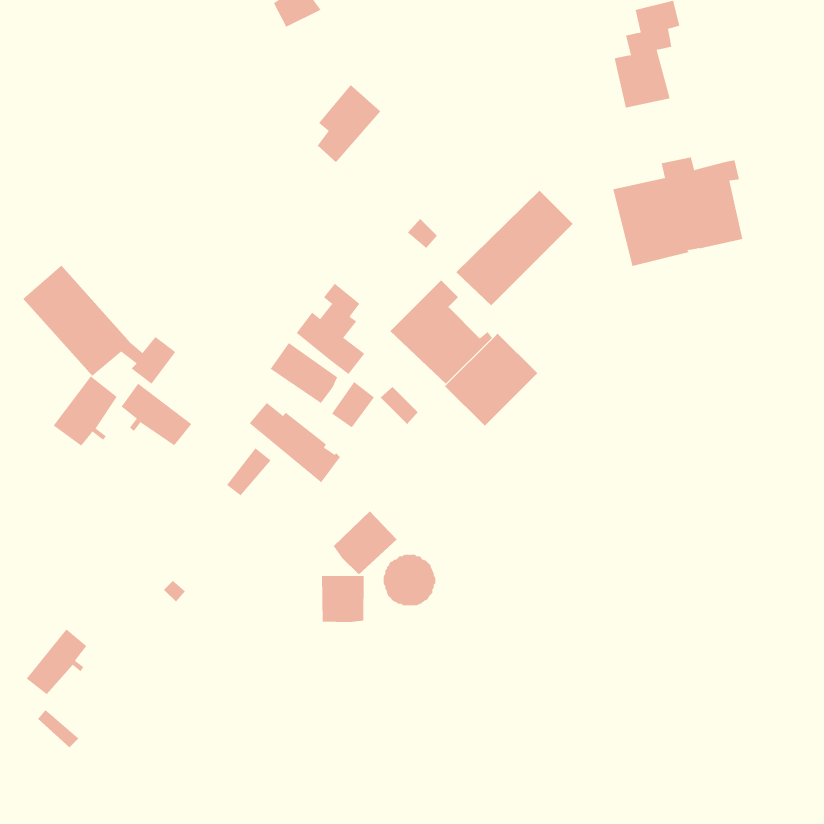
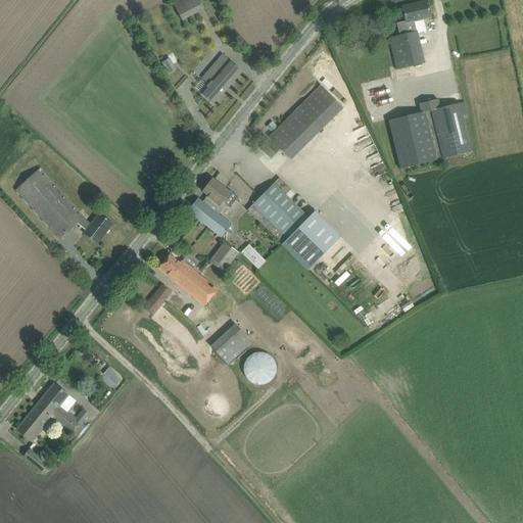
building: [456,190,574,306] -> [268,85,342,158]
building: [270,342,338,404] -> none
building: [53,376,118,447] -> none
building: [121,383,192,446] -> none
building: [321,575,364,623] -> none
building: none -> [42,383,87,435]

